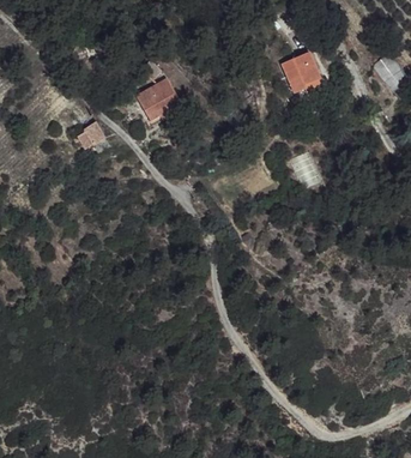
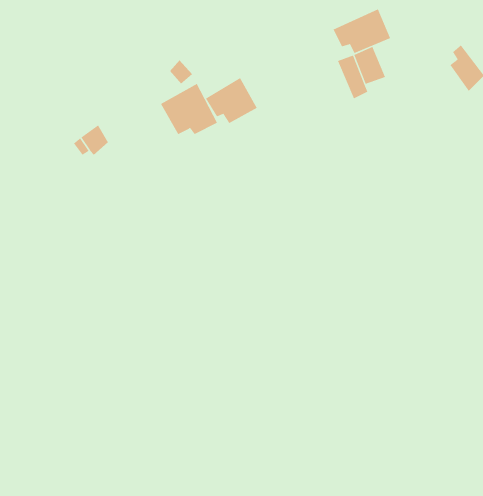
building: none -> [333,9,391,54]
building: none -> [205,77,258,124]

